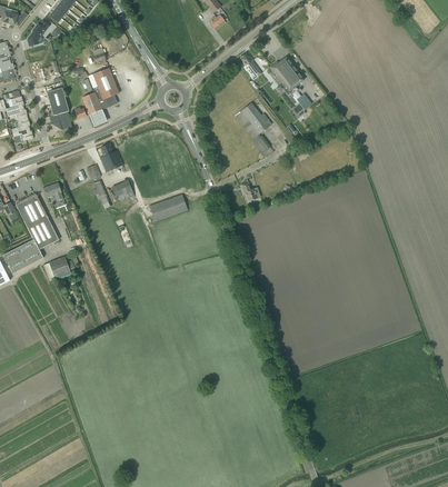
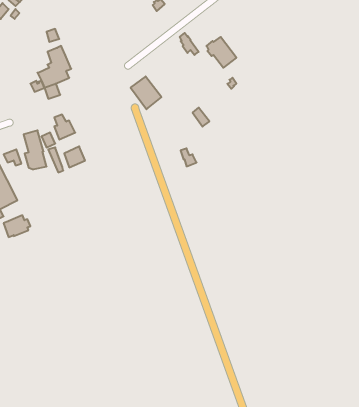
building: [47,87,72,130] -> [24,130,47,169]
building: [235,102,269,139] -> [131,76,161,109]
building: [149,193,188,221] -> none

